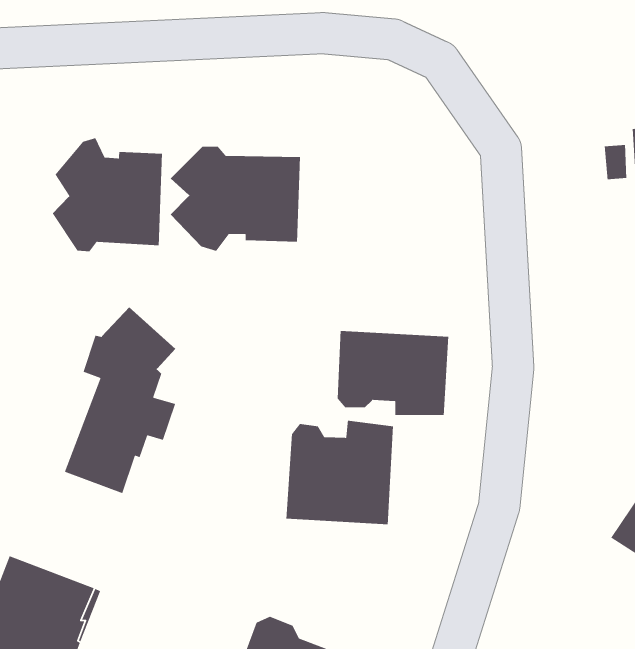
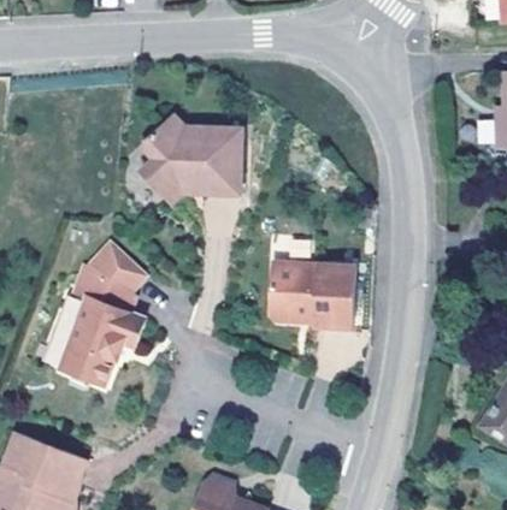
building: [52,137,163,252] -> none
building: [285,420,394,525] -> none

